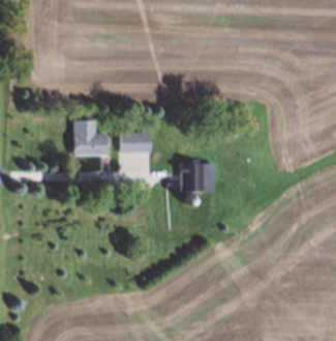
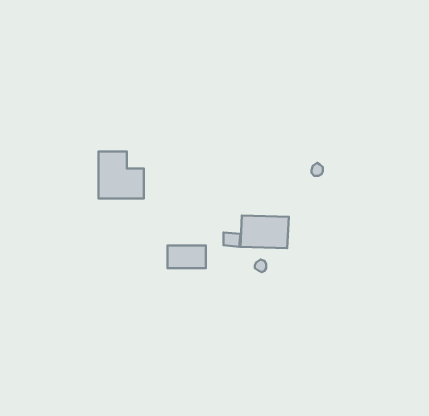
building: [121,135,149,151] -> [167,245,206,268]

